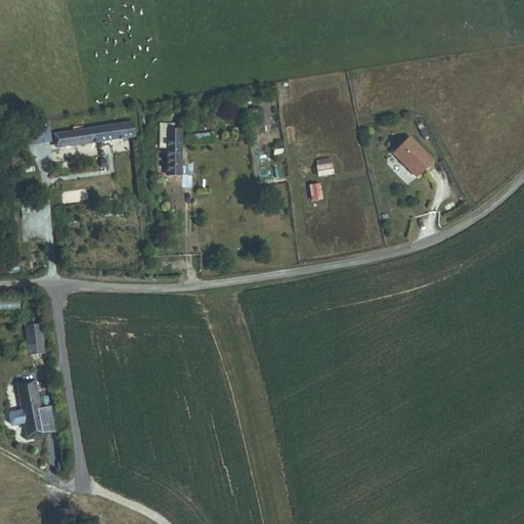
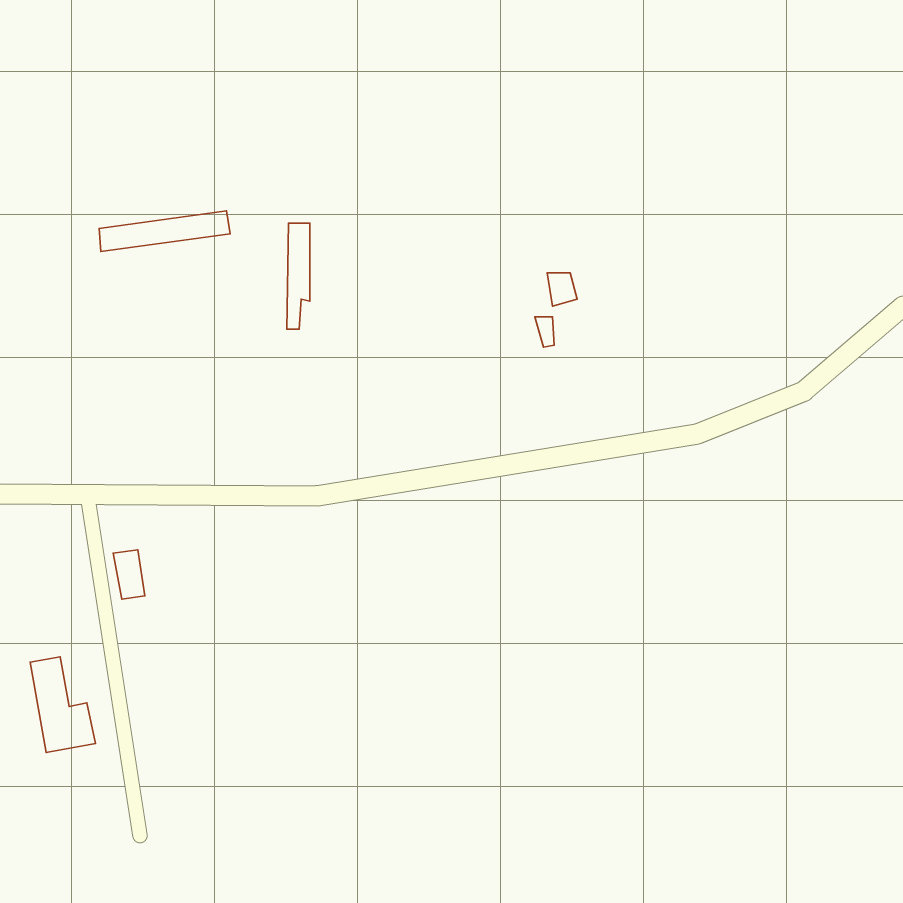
building: [393,137,432,177] -> none
building: [23,324,41,353] -> [113,550,145,599]

